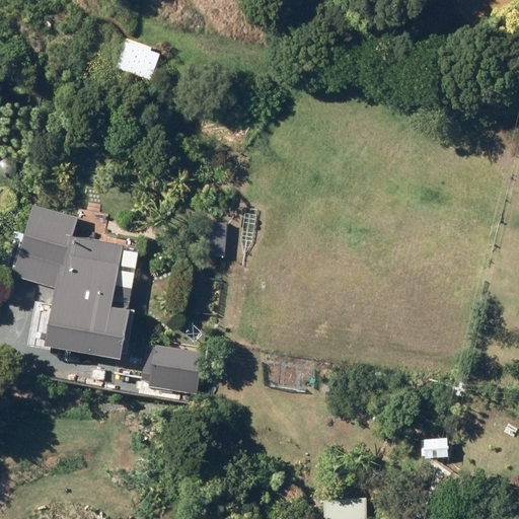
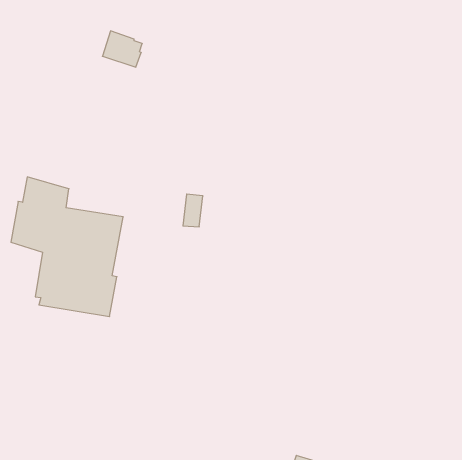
building: [141,344,204,395] -> none

